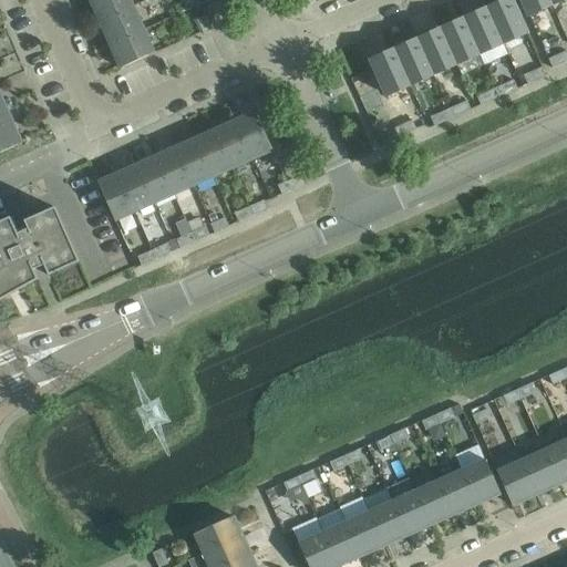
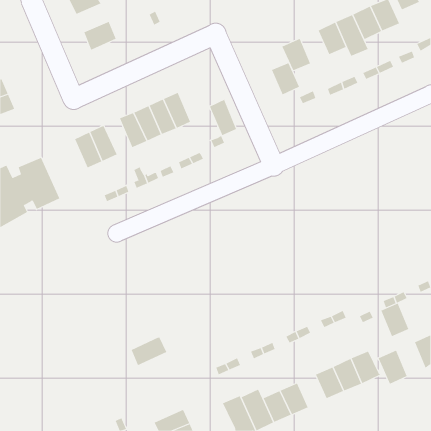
building: [100,4,143,42] -> none
building: [393,40,431,83] -> [271,62,300,95]
building: [234,111,270,159] -> [209,99,237,136]
building: [136,155,173,203] -> none
building: [519,449,557,493] -> [380,303,409,337]
building: [384,478,427,534] -> none
building: [193,515,240,554] -> [131,336,167,366]

